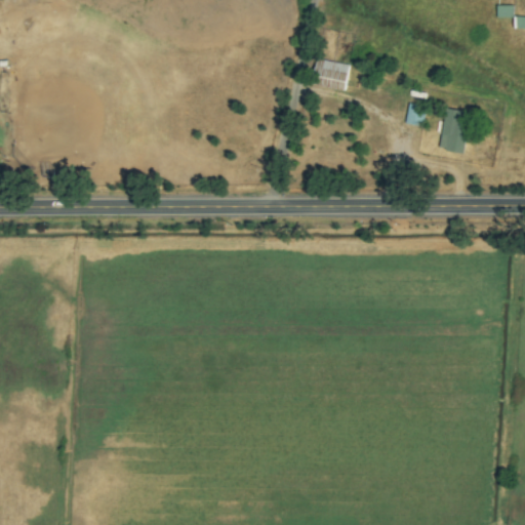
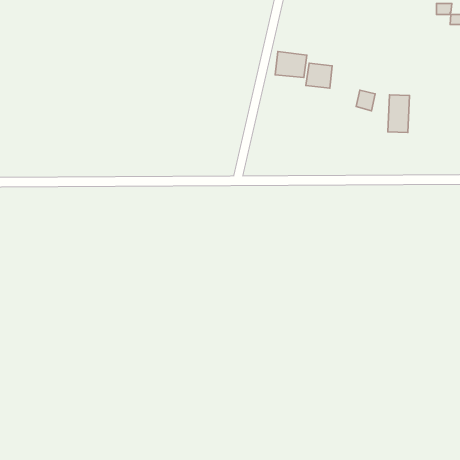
building: none -> [306,63,332,88]

